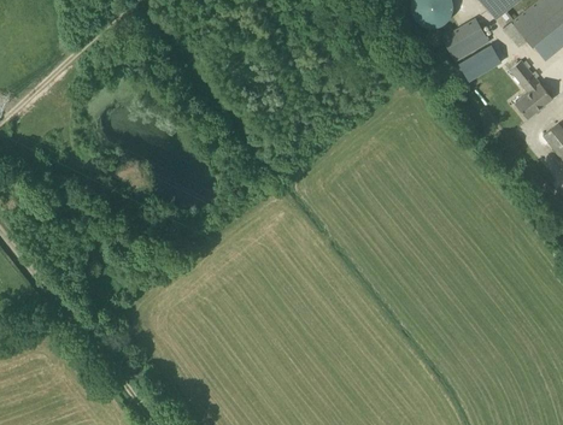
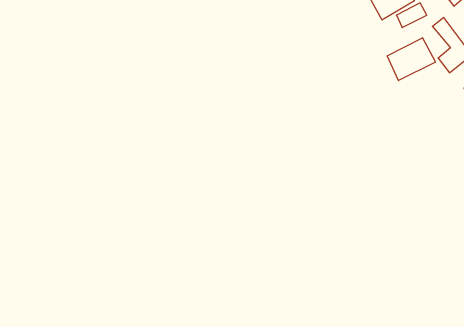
building: none -> [387,38,435,81]

